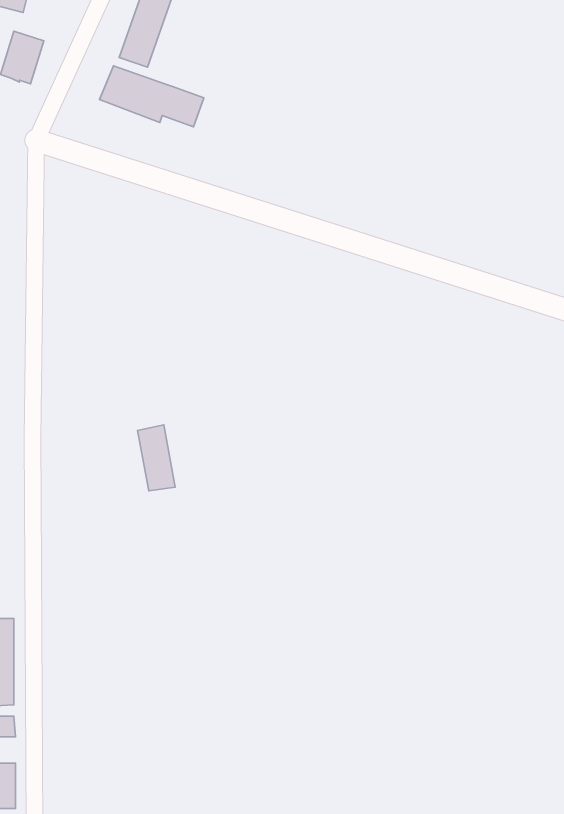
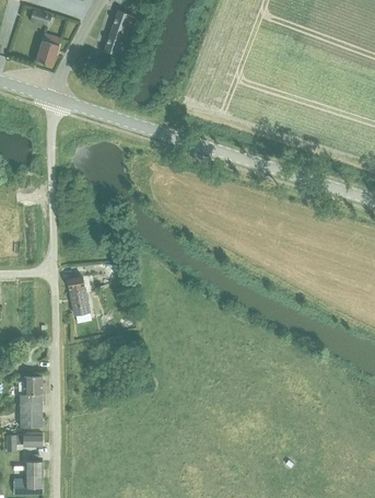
building: [99,66,204,127] -> none
building: [138,425,175,491] -> [68,275,90,313]

